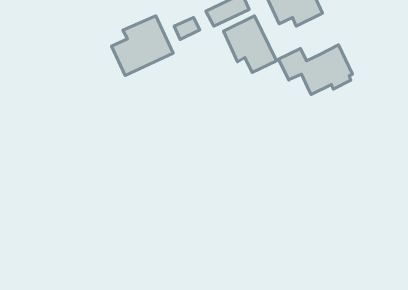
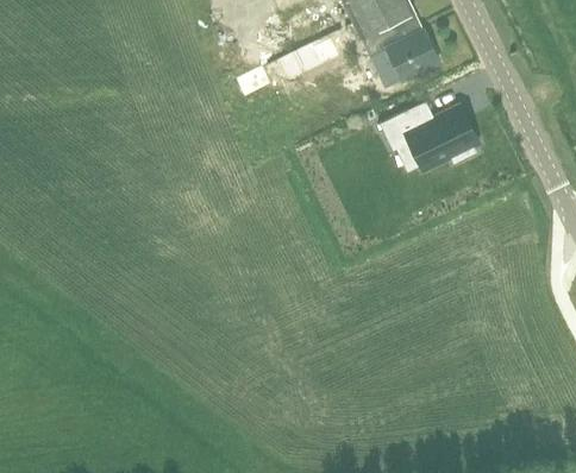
building: [223,16,277,73] -> none
building: [112,16,173,76] -> none

